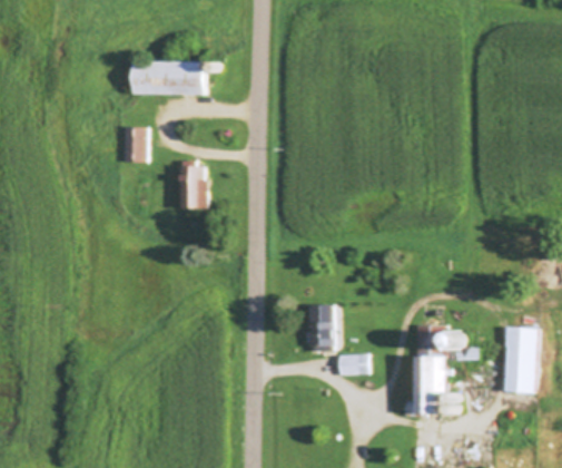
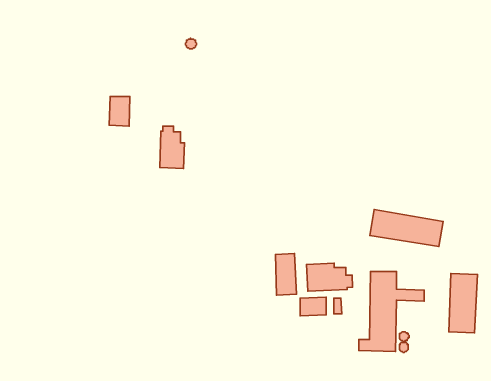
building: [134,61,204,94] -> none
building: none -> [370,209,443,247]
building: none -> [307,263,352,291]

